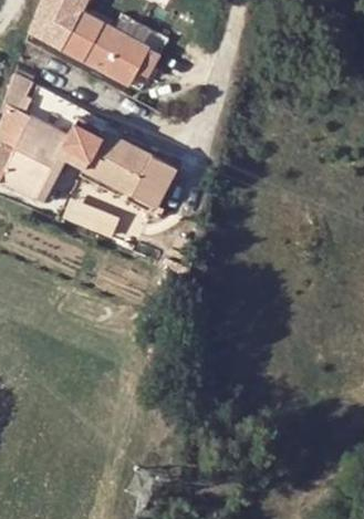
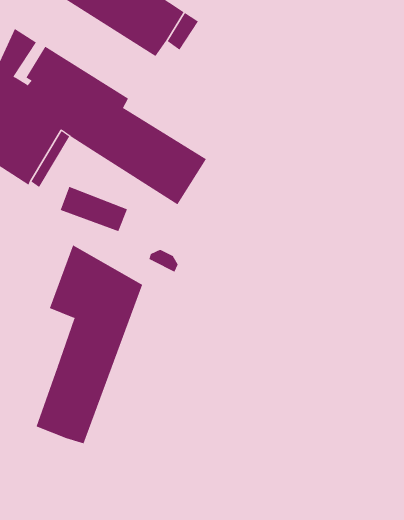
building: none -> [36,245,143,444]

